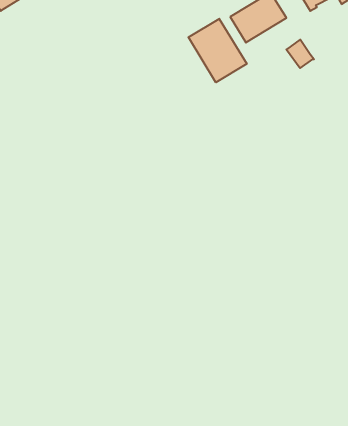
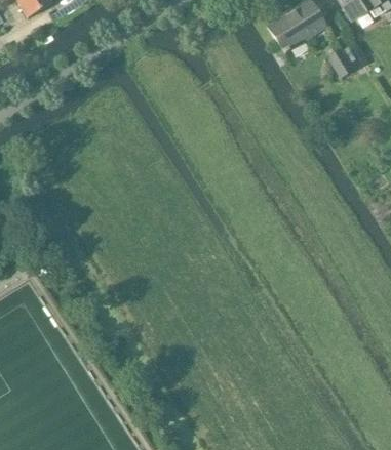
building: [188,19,247,82] -> none

